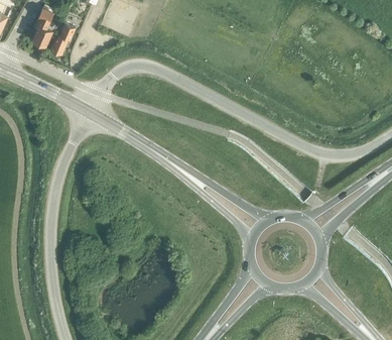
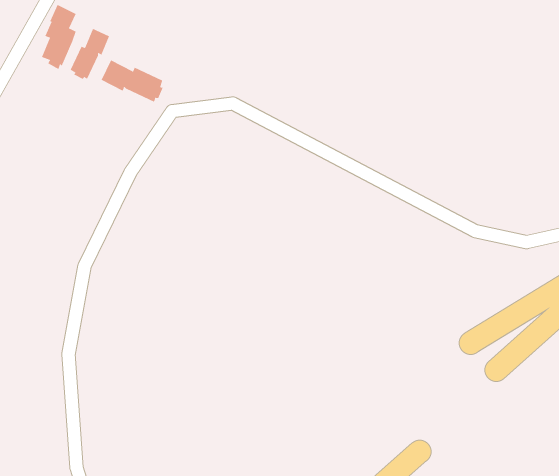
building: none -> [101,59,164,102]

